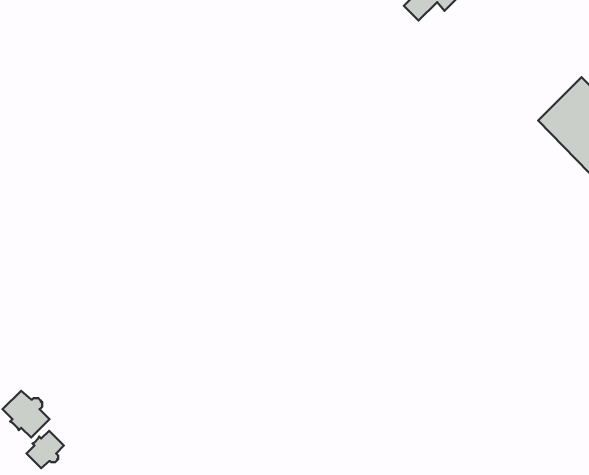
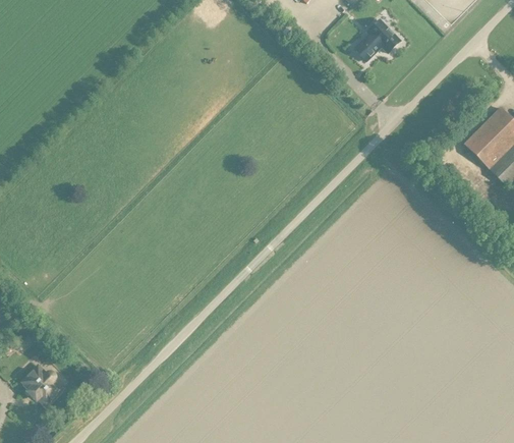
building: [26,431,64,468] -> none

